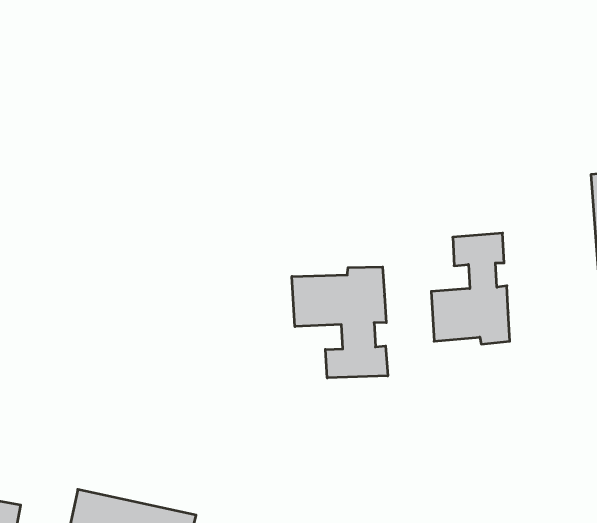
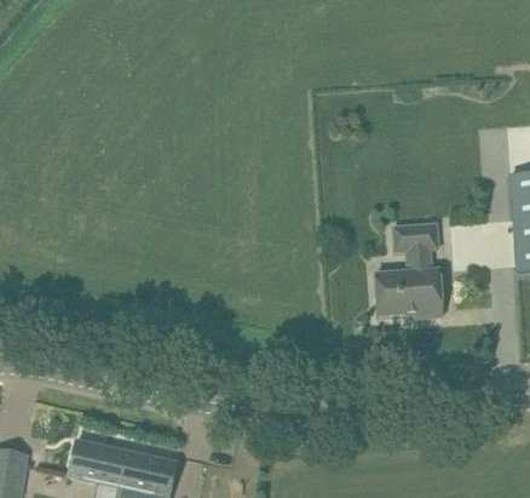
building: [292,267,388,378] -> none

